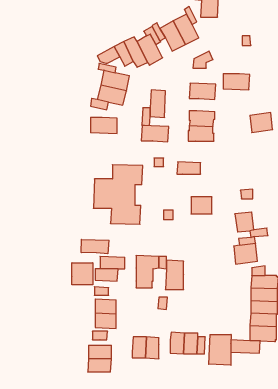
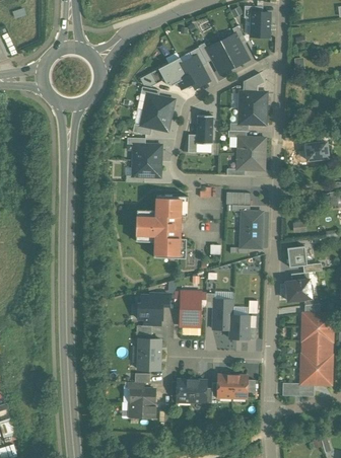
building: [223,74,250,90] -> [238,92,267,109]
building: [141,126,169,142] -> [131,161,160,178]
building: none -> [240,212,263,230]
building: [81,239,109,254] -> none
building: [72,263,93,285] -> none
building: none -> [231,313,250,339]
building: [209,334,231,365] -> none

